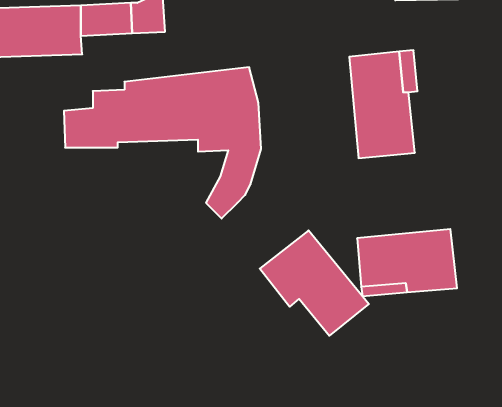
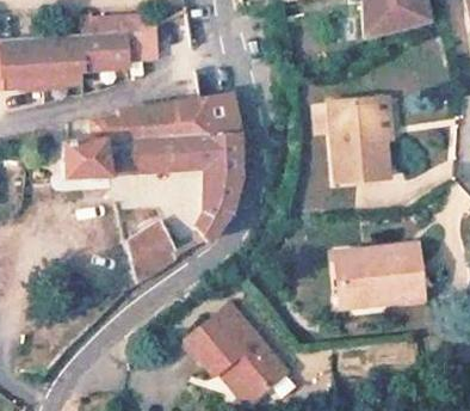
building: none -> [128,220,178,281]
building: [260,230,369,336] -> [179,295,278,391]

